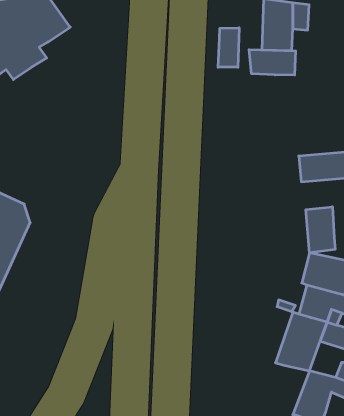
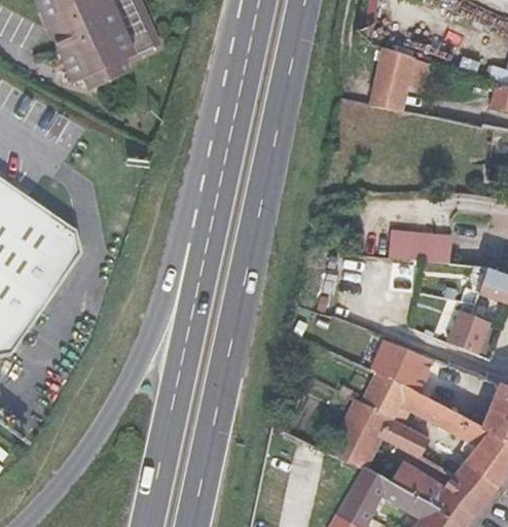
building: [218,28,239,67] -> none
building: [249,50,296,75] -> none
building: [306,207,335,253] -> none

